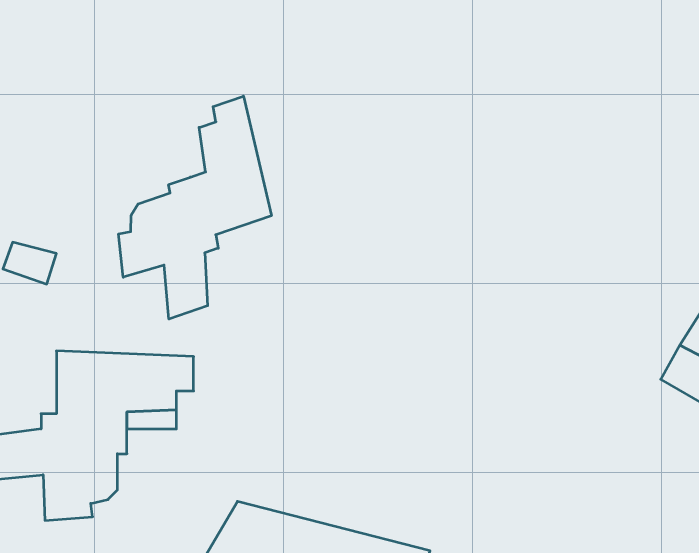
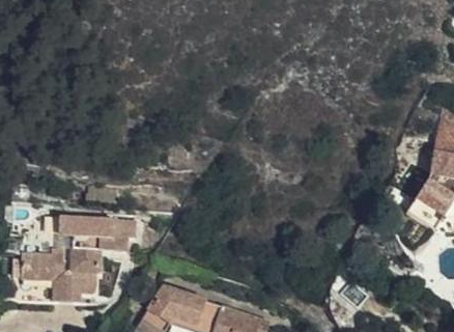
building: [119,96,271,319] -> none

